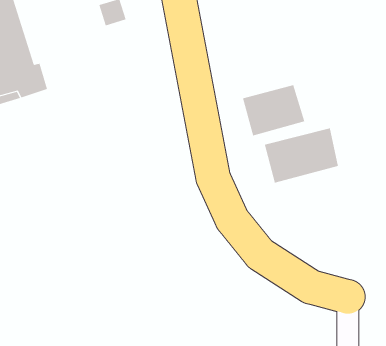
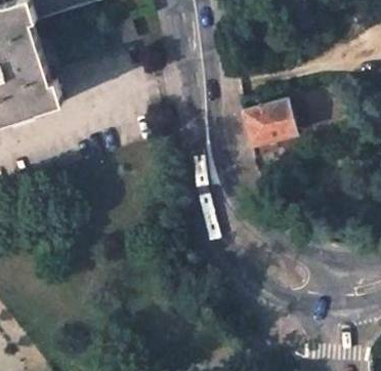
building: [264,127,339,184] -> none

